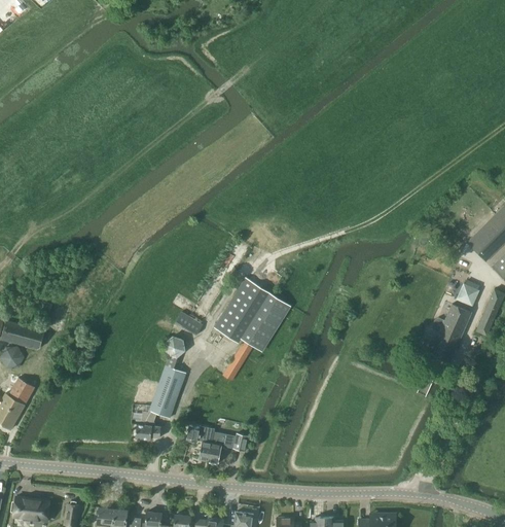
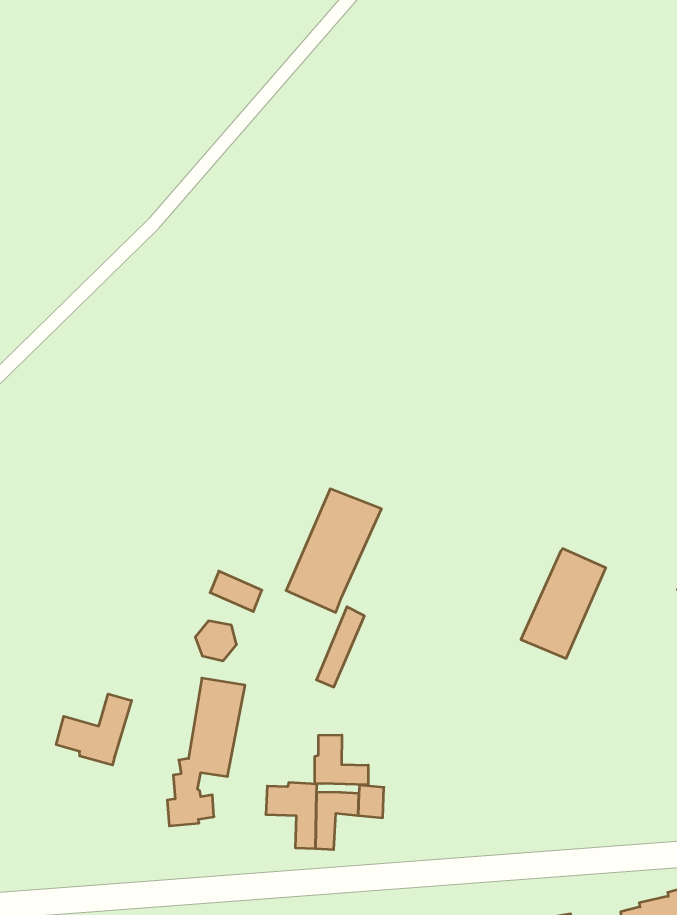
building: [243,292,292,349] -> [521,549,606,658]
building: none -> [56,694,132,765]
building: none -> [315,735,368,785]

